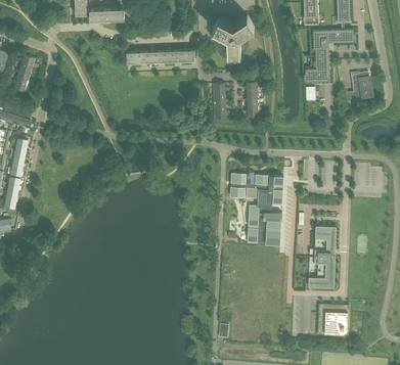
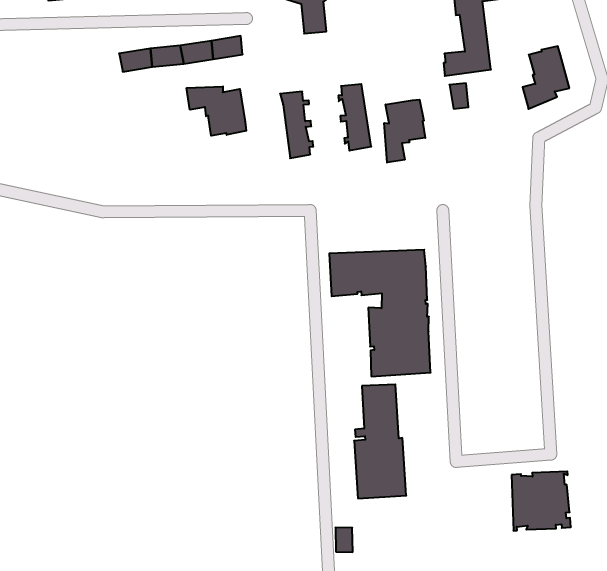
building: none -> [187,86,246,136]
building: none -> [384,100,425,163]
building: [307,225,335,287] -> [354,384,406,498]

